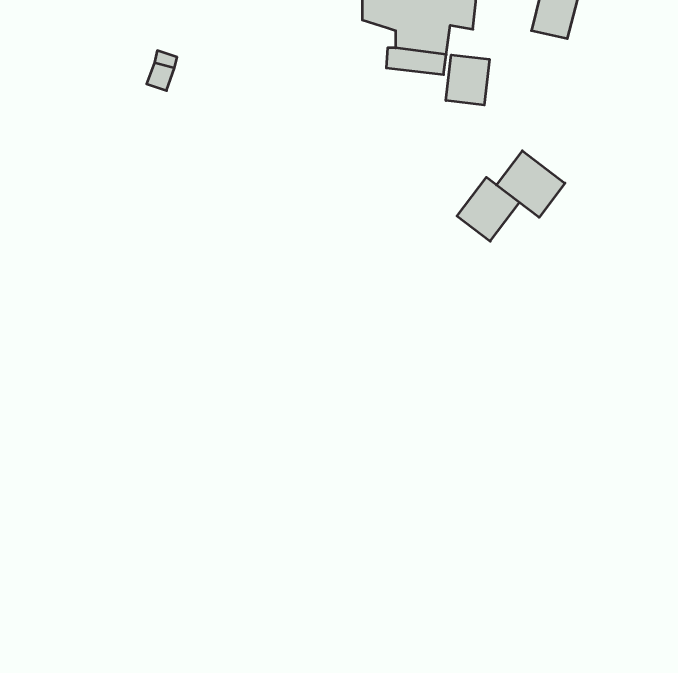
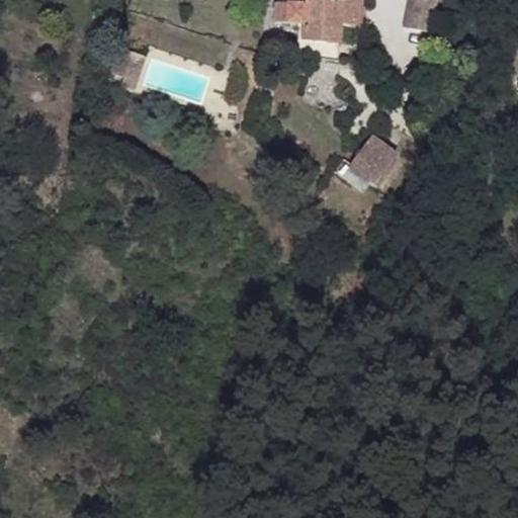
building: [446,55,489,105] -> none
building: [496,151,565,217] -> none

